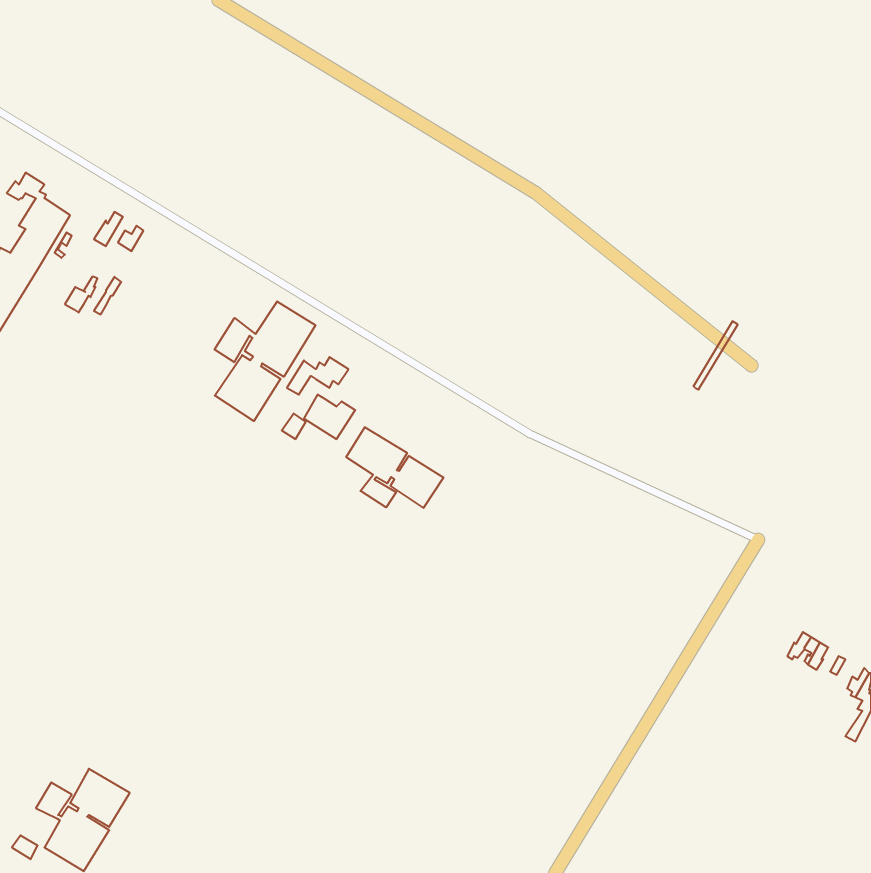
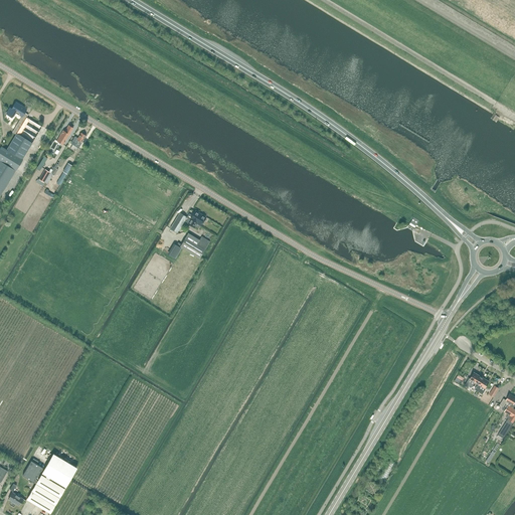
building: [215,301,315,421] -> none
building: [346,427,443,508] -> none

